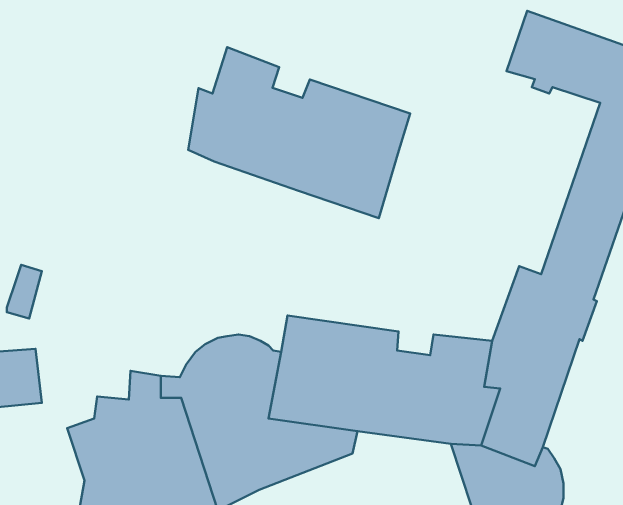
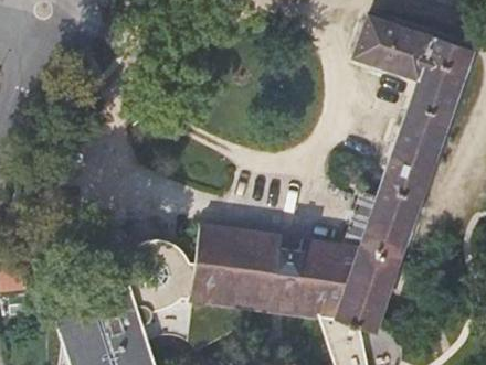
building: [188,47,410,218] -> none

